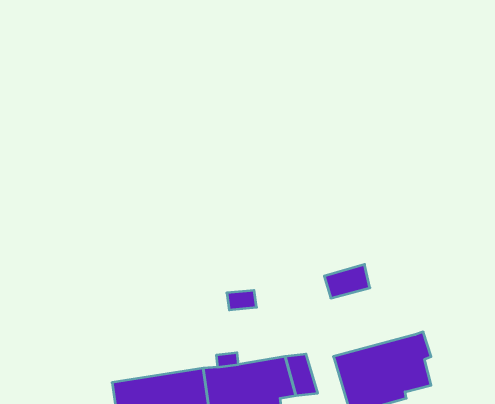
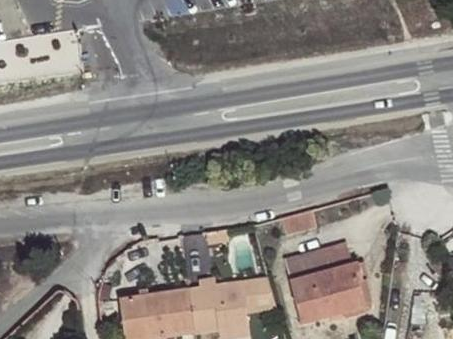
building: none -> [282,243,351,280]

